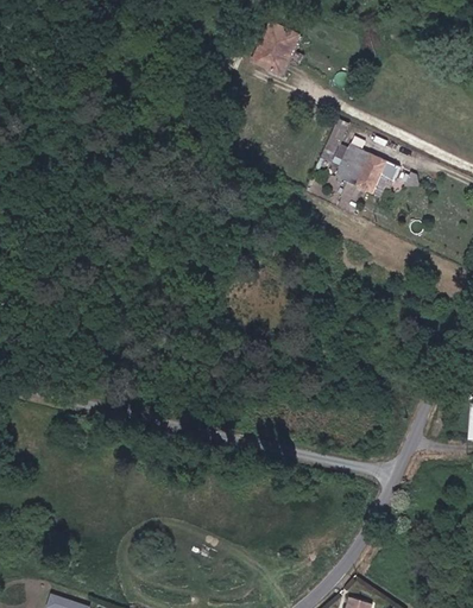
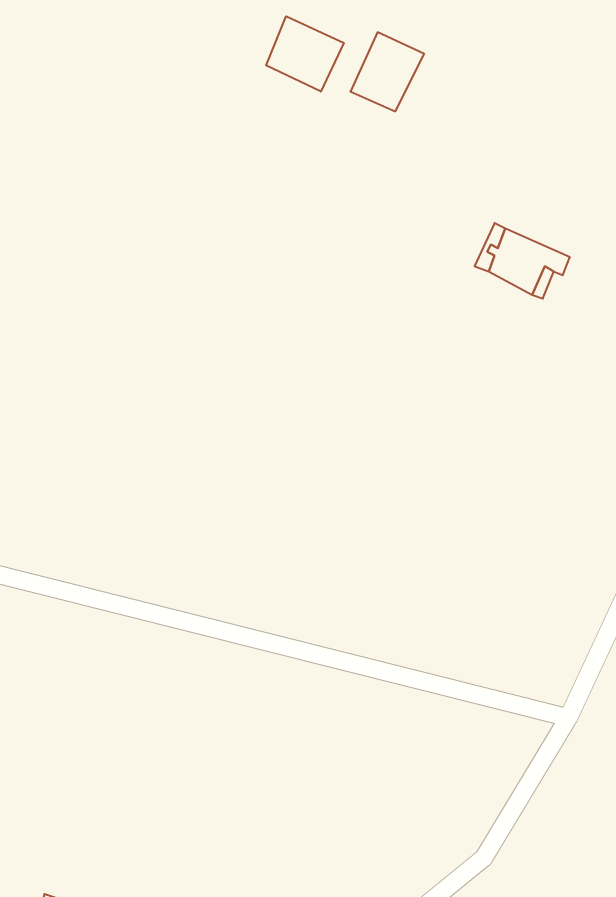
building: none -> [266,16,344,92]

